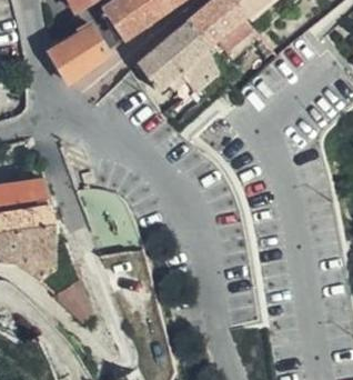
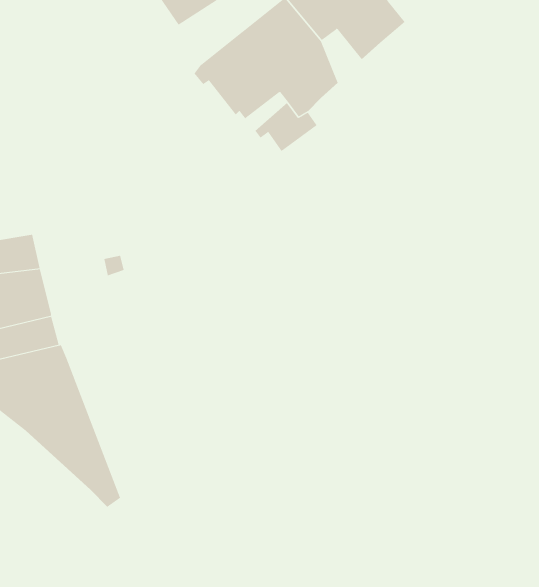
building: [52,26,111,80] -> none

